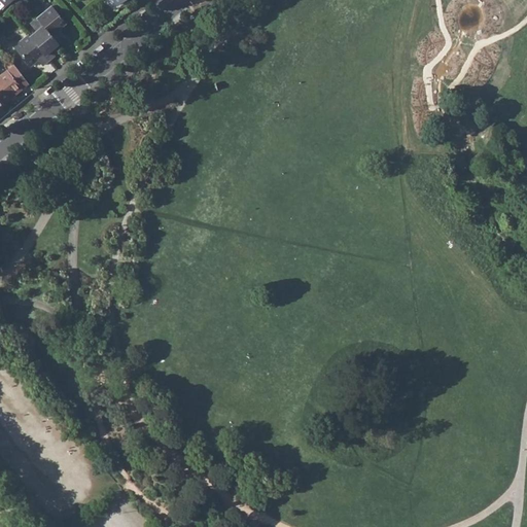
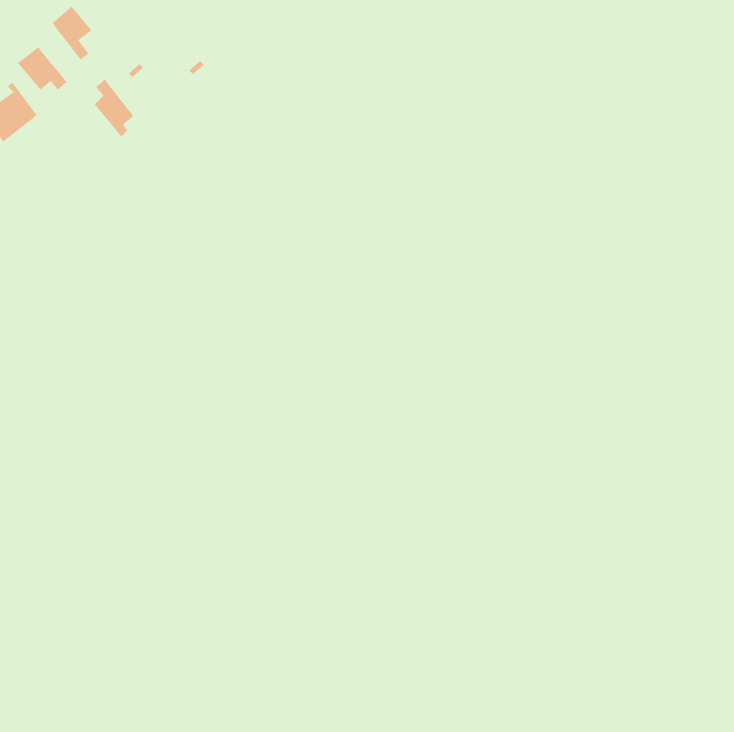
building: [29,19,58,61] -> [94,79,134,138]

